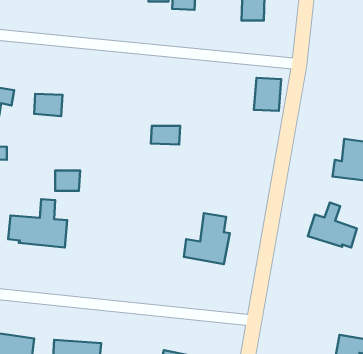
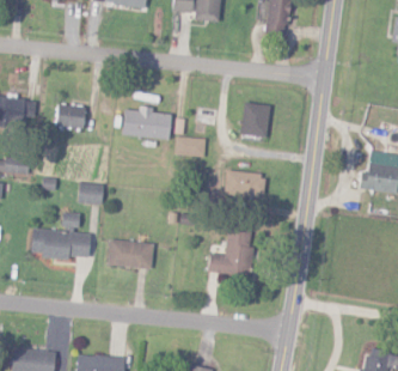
building: [254,78,281,111] -> [241,103,269,136]
building: none -> [121,108,172,140]
building: none -> [222,170,265,197]
building: [308,203,357,247] -> none
building: none -> [108,241,153,268]

